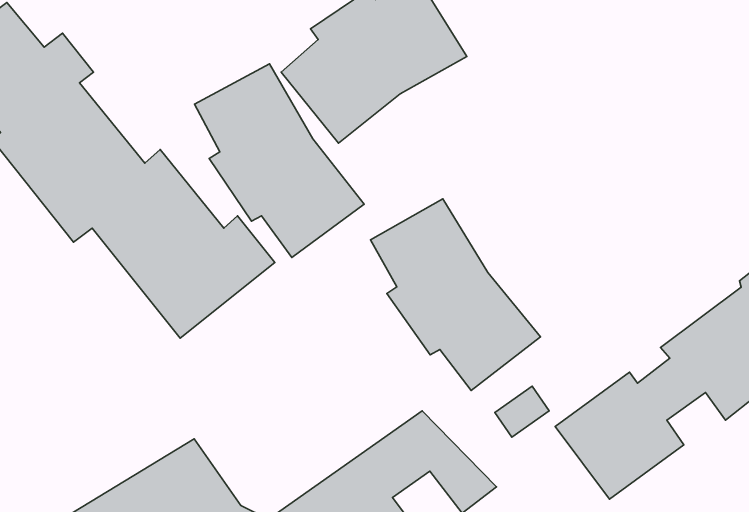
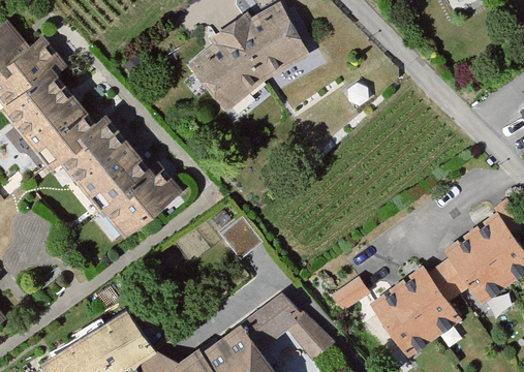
building: [195,64,364,258] -> none
building: [370,199,540,391] -> none

